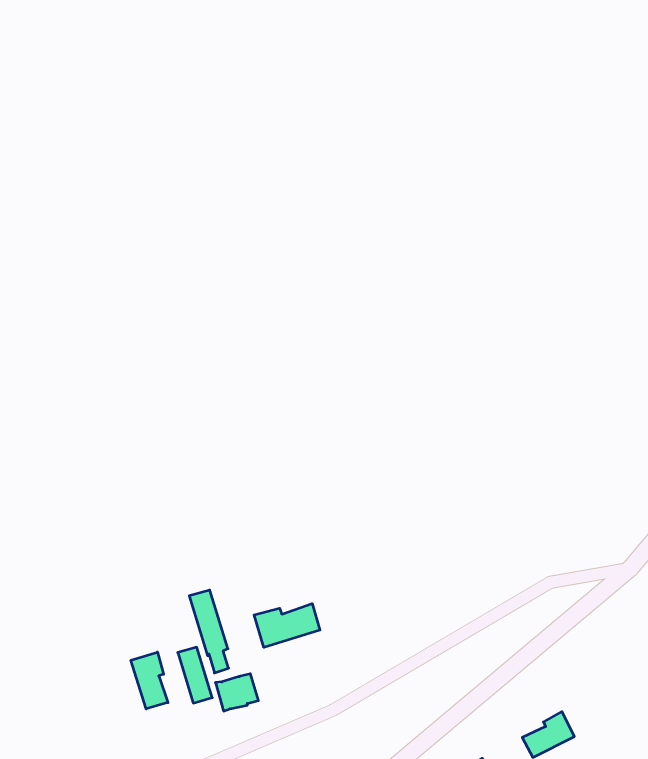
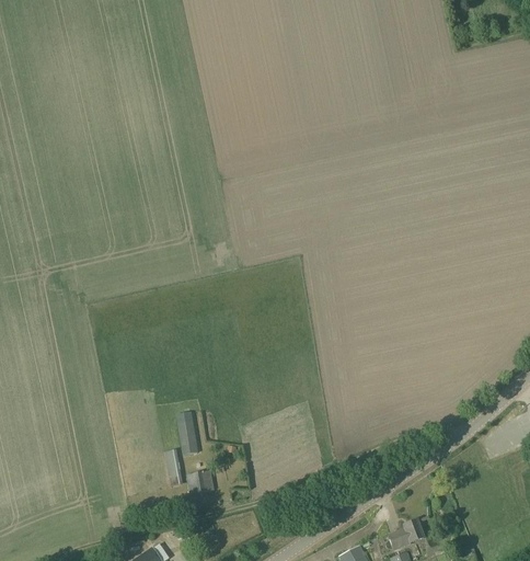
building: [254,604,320,647] -> none
building: [131,652,168,709] -> none

